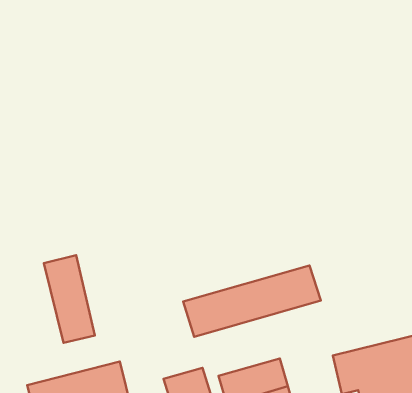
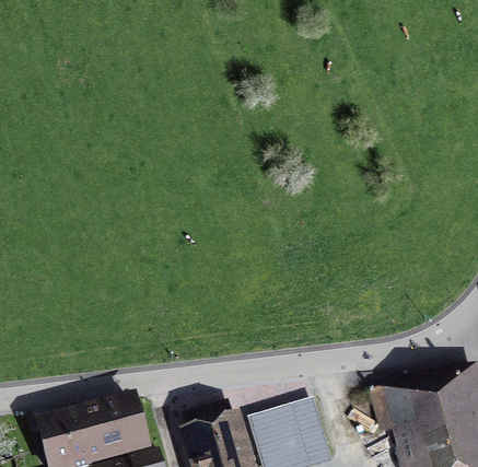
building: [44,255,95,343] -> none
building: [183,265,321,337] -> none

